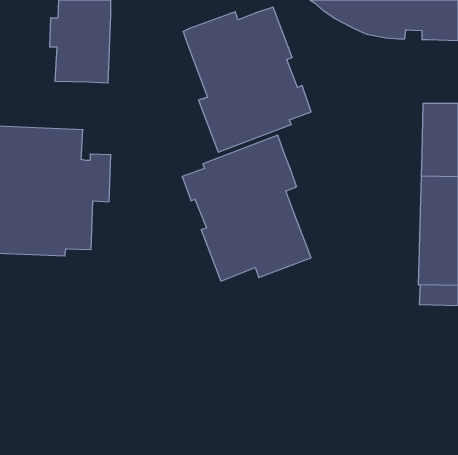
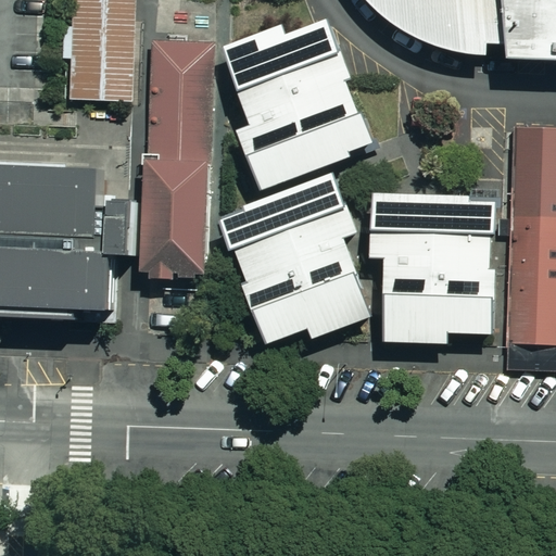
building: none -> [138,41,215,280]
building: none -> [370,191,497,344]

